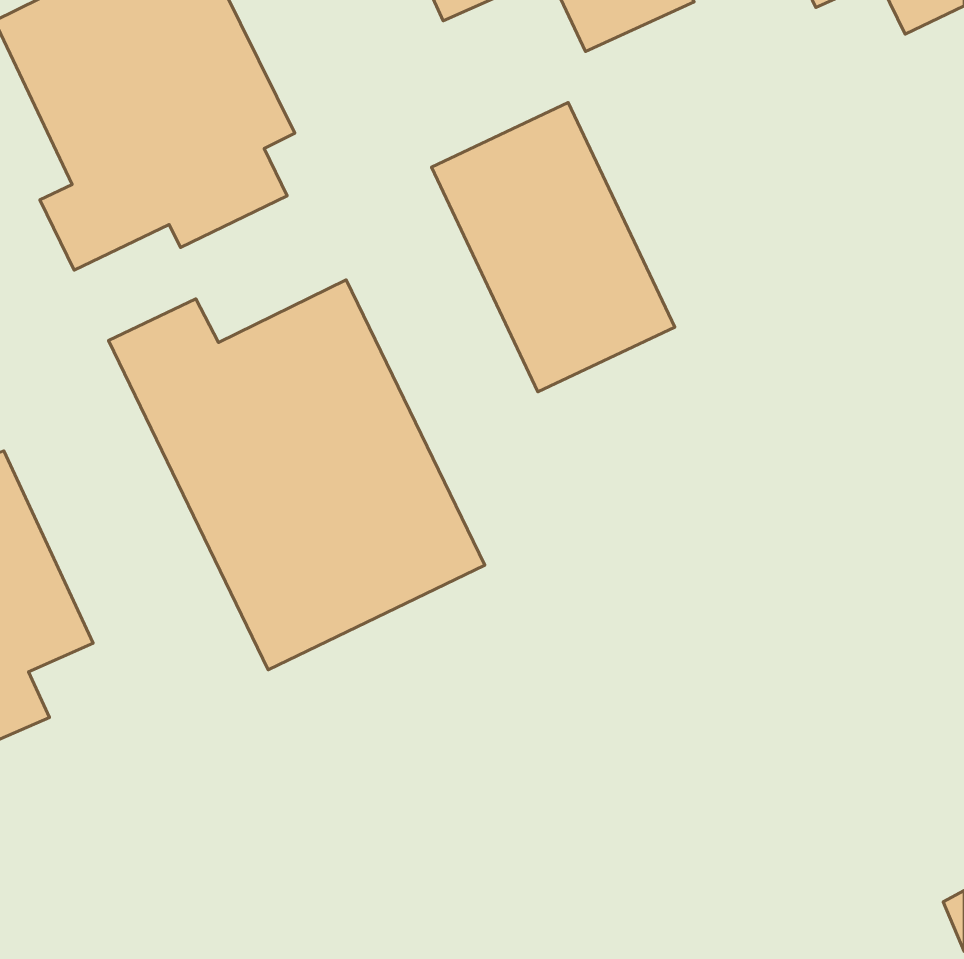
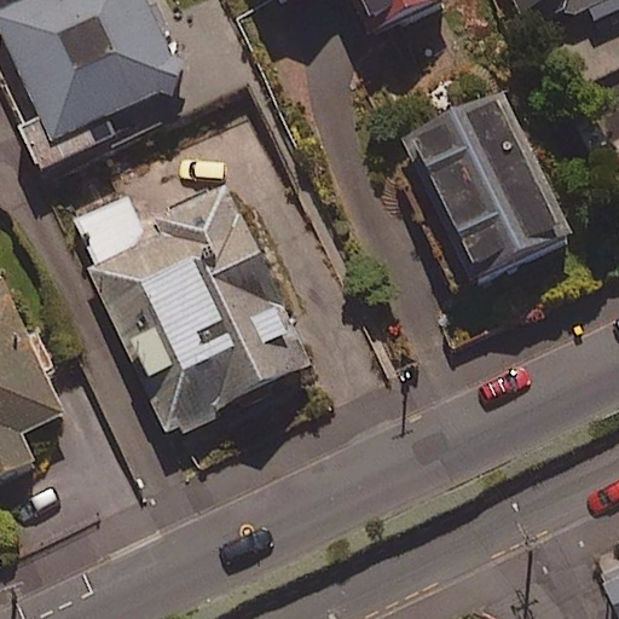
building: [431,103,675,392] -> [406,100,561,284]

